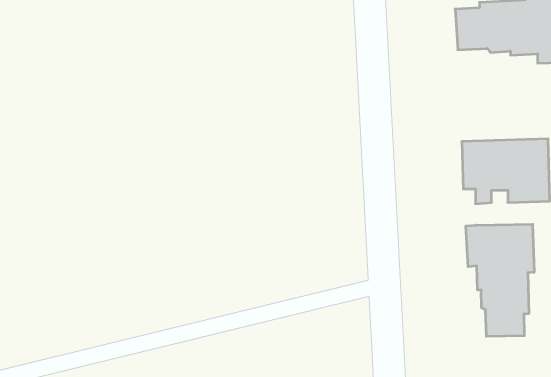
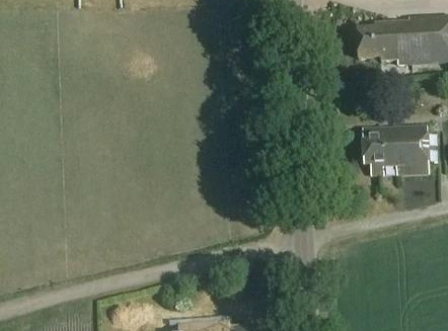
building: [466,224,534,336] -> none

